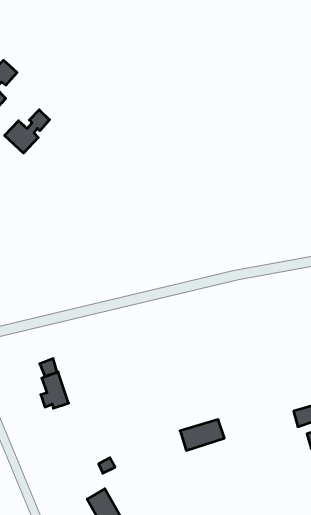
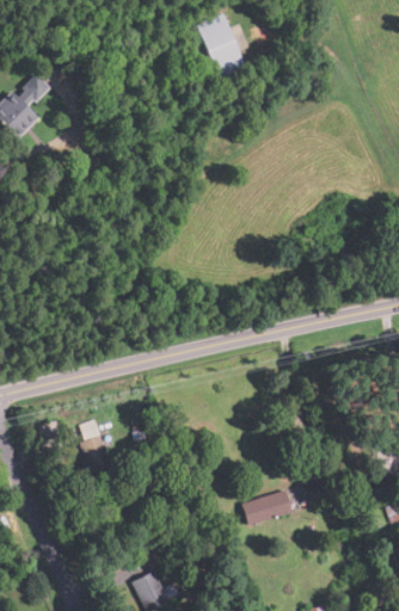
building: none -> [196,12,245,78]
building: [5,110,50,153] -> none

